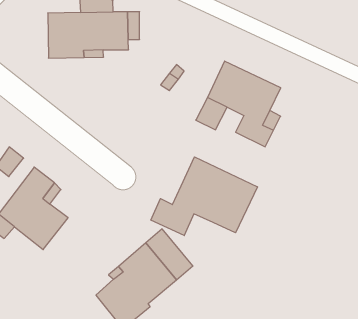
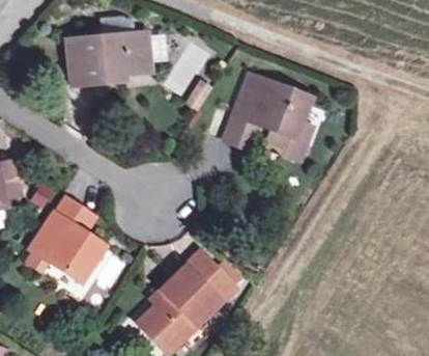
building: [151,157,257,236] -> none

